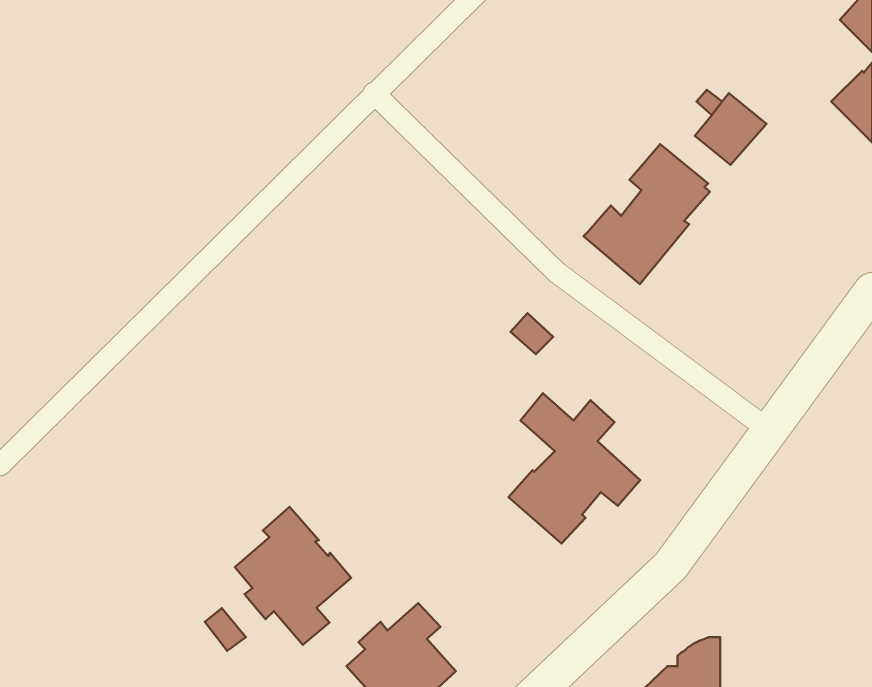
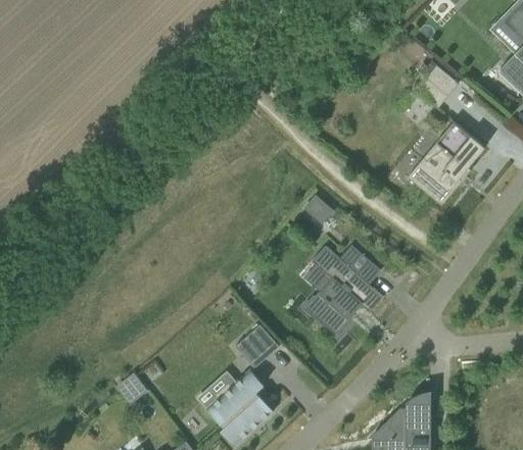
building: [583,144,710,284] -> [408,121,483,205]
building: [235,507,351,645] -> none
building: none -> [235,324,279,368]

